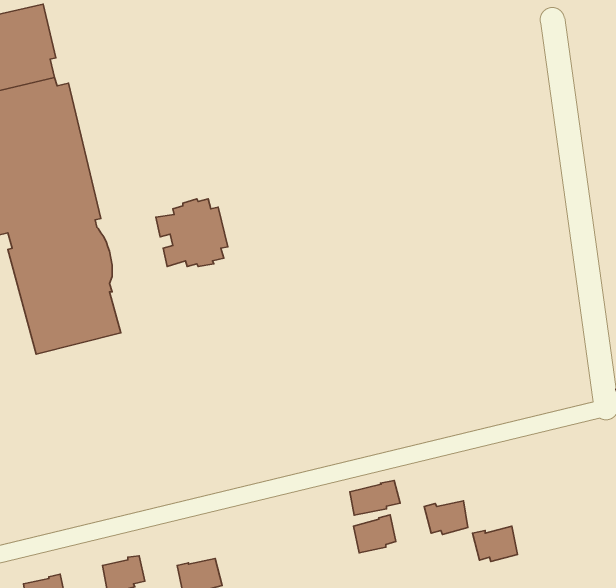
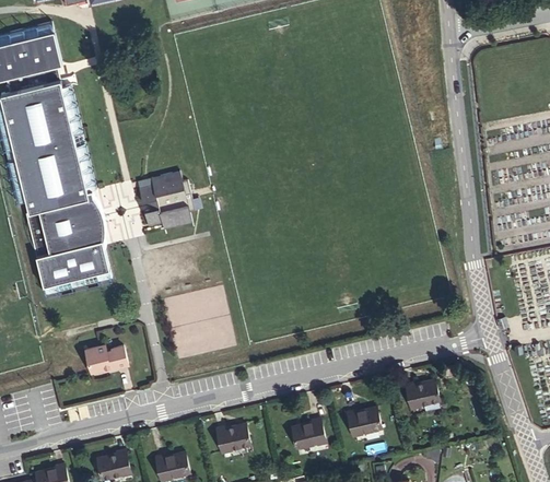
building: none -> [84,344,127,372]
building: [350,480,400,515] -> none
building: none -> [215,423,249,449]
building: [472,526,518,562] -> [403,378,438,405]

